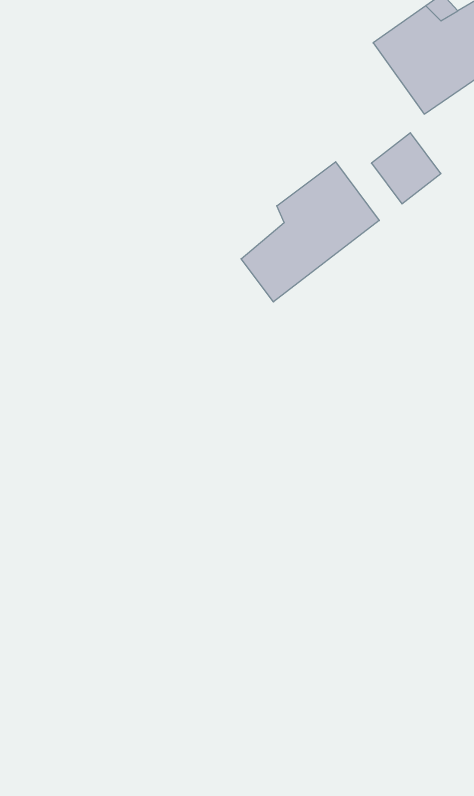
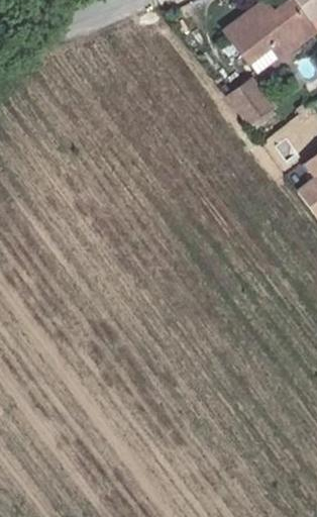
building: [241,162,379,302] -> none

